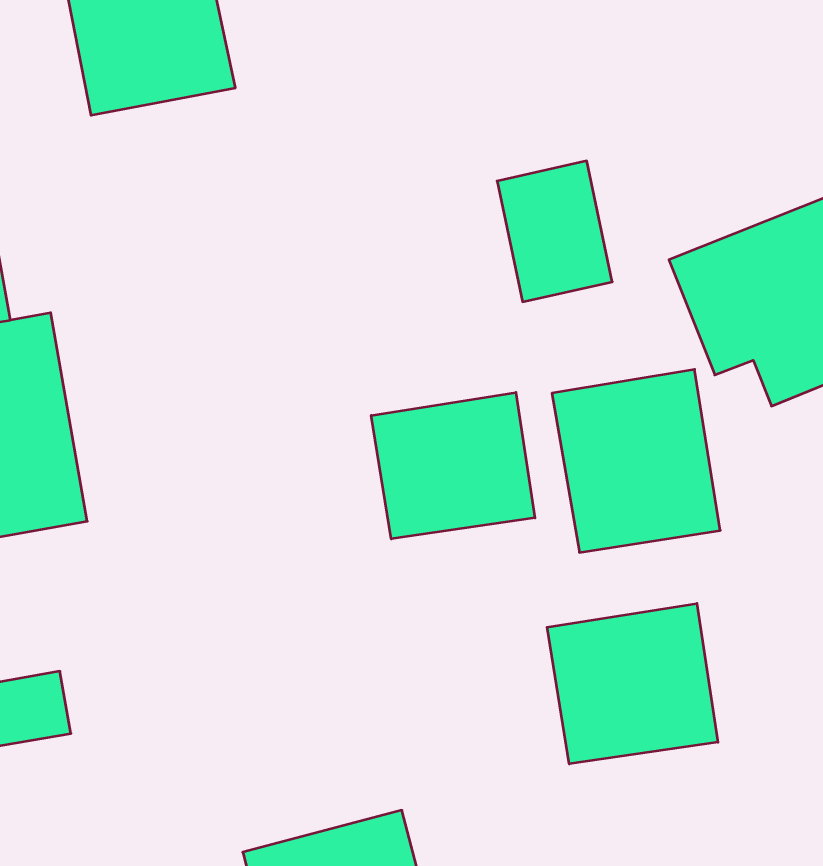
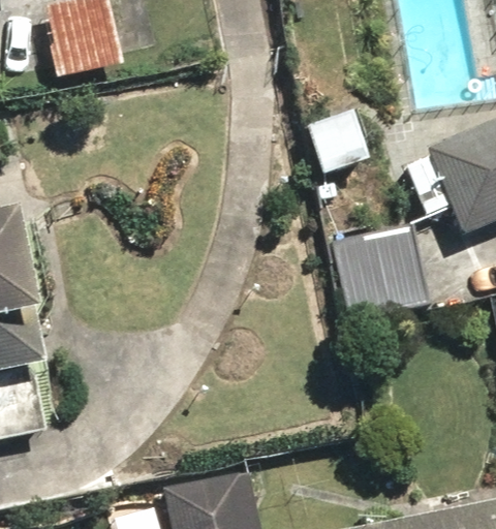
building: [371,392,535,539] -> none
building: [547,603,718,764] -> none

